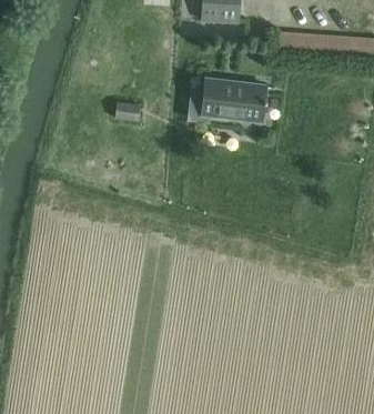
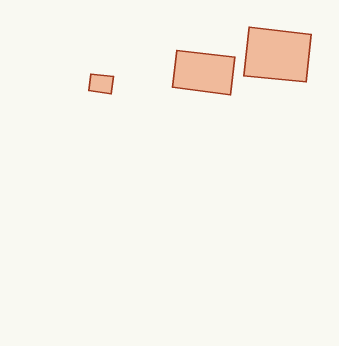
building: none -> [244,27,311,82]

